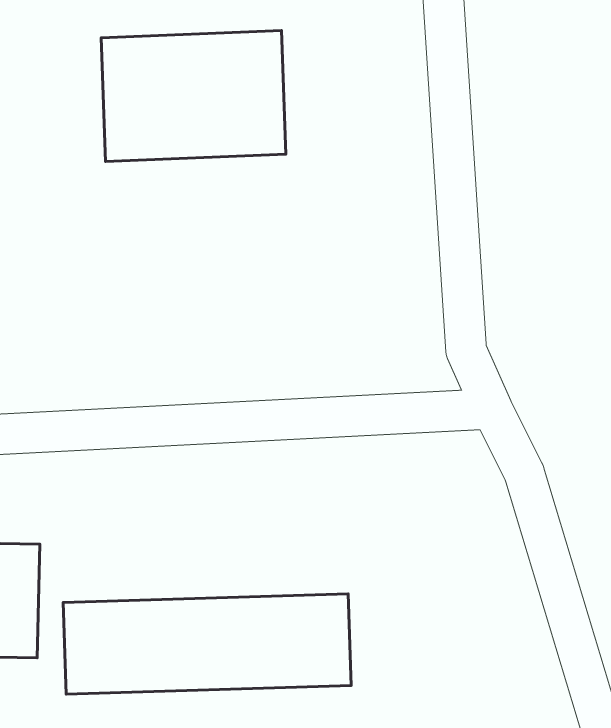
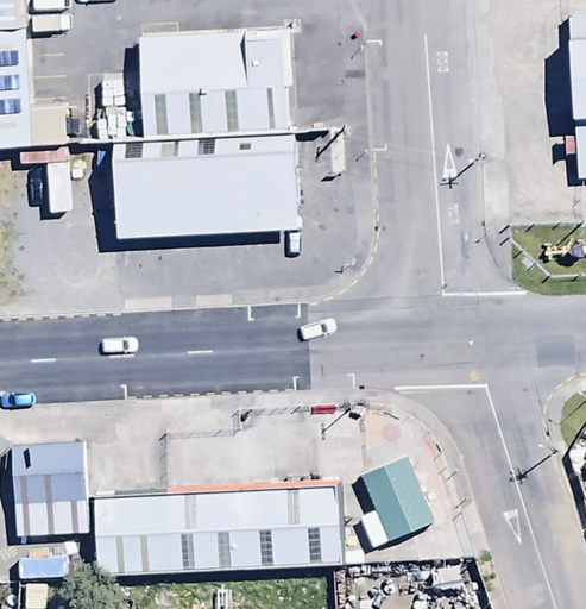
building: none -> [103,130,296,237]
building: none -> [357,454,430,545]

